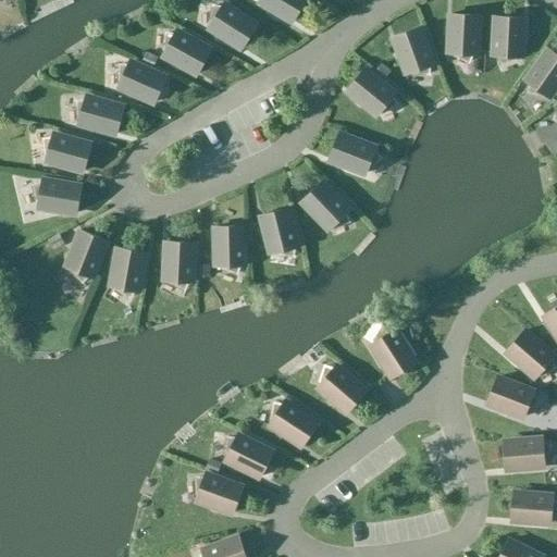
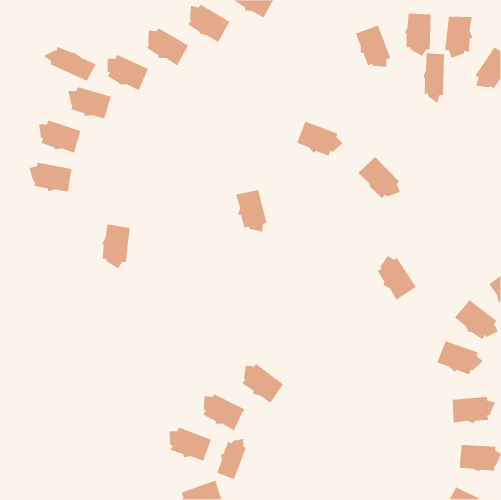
building: none -> [43,46,97,82]
building: none -> [422,53,445,104]
building: [347,69,397,114] -> none
building: [301,182,349,230] -> [358,156,401,199]
building: [213,227,245,275] -> none
building: [67,231,106,283] -> none
building: [163,242,194,290] -> none
building: [371,329,416,380] -> [377,255,417,301]
building: [318,367,366,413] -> none
building: none -> [216,438,247,480]

